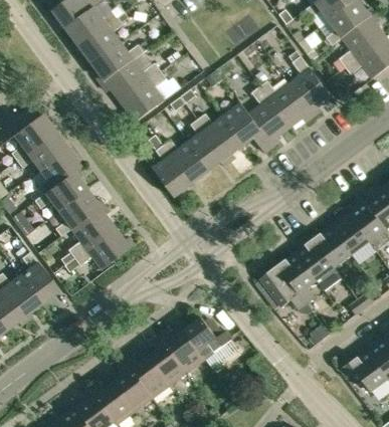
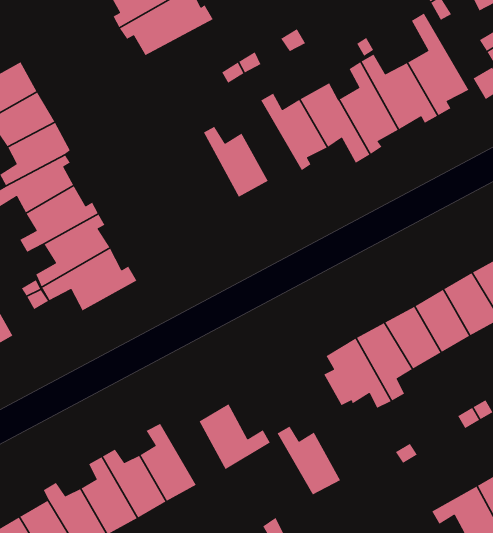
building: [121,71,167,125] -> none
building: [189,120,230,171] -> none
building: [148,134,192,197] -> none
building: [160,329,205,372] -> [277,426,341,496]

